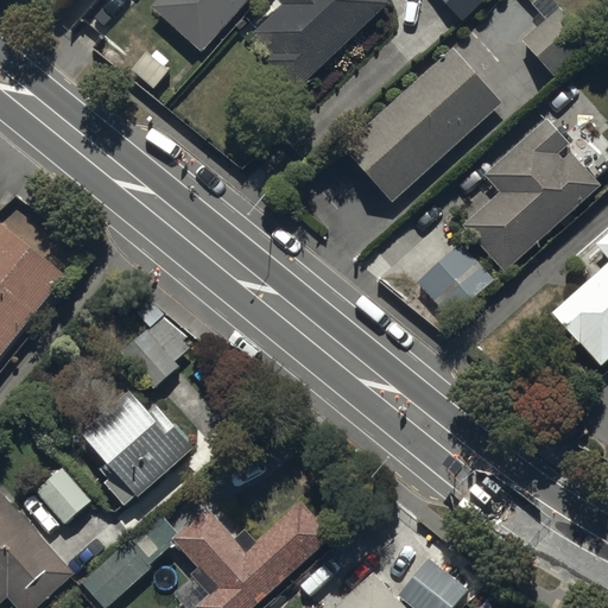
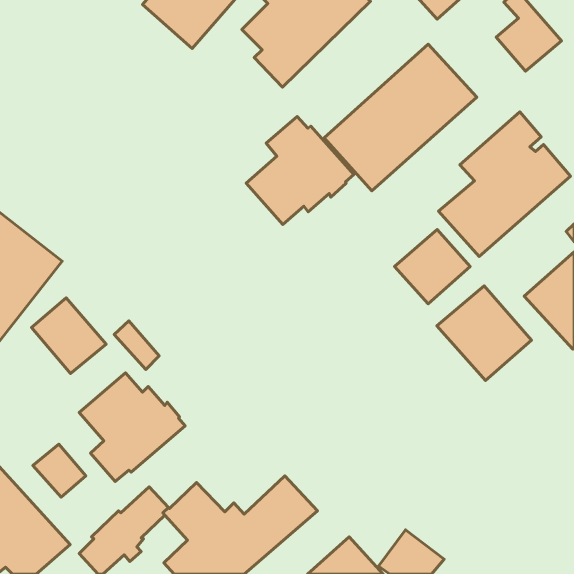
building: none -> [246,116,354,224]
building: none -> [437,286,531,380]
building: none -> [31,298,106,374]

